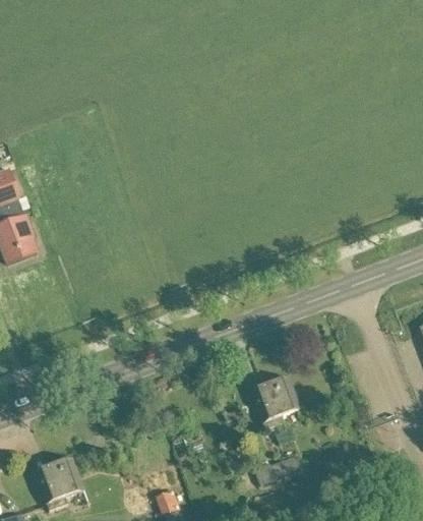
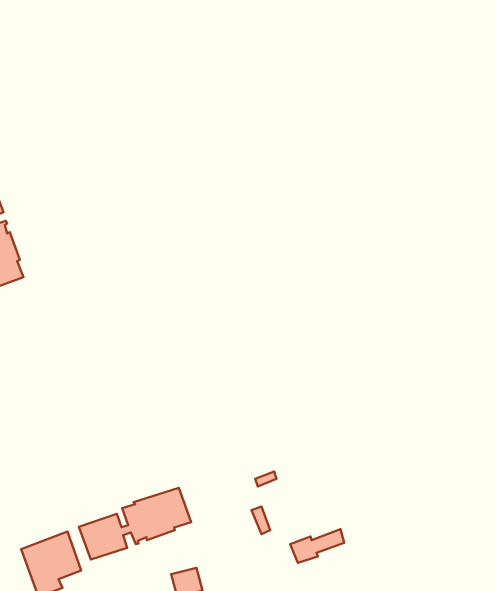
building: [251,377,300,428] -> none
building: none -> [79,488,191,559]

